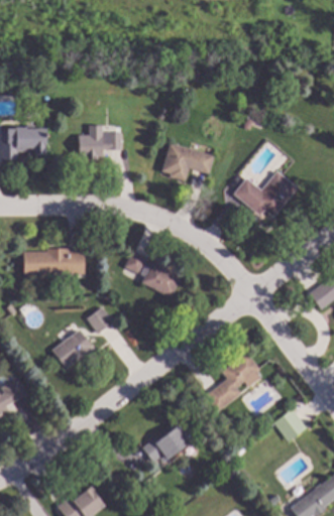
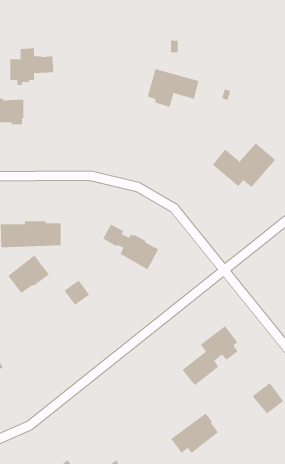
building: [78,124,122,162] -> [10,47,54,86]
building: [161,143,214,182] -> [147,68,200,108]
building: [51,330,94,369] -> [7,254,50,294]
building: [141,421,190,463] -> [170,412,219,454]

